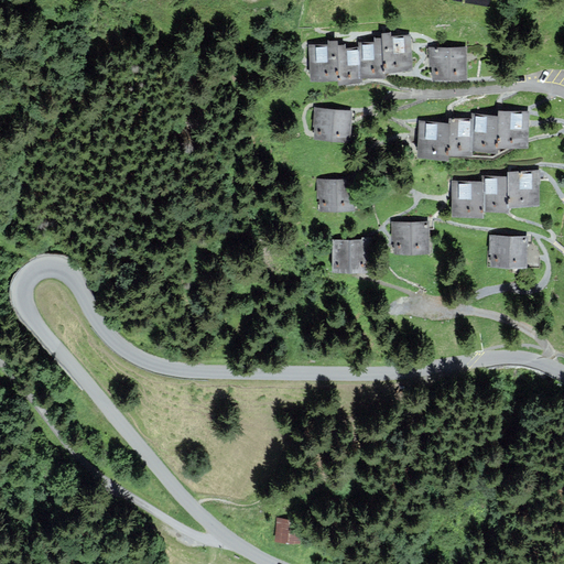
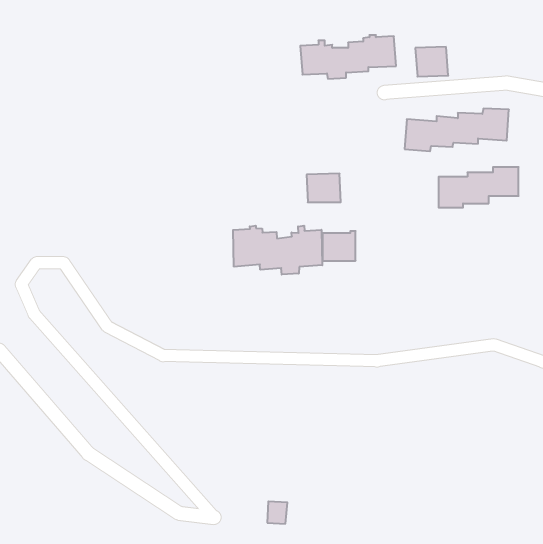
building: [315,109,349,140] -> none
building: [393,224,426,251] -> none
building: none -> [233,226,322,275]
building: [491,237,524,265] -> none

